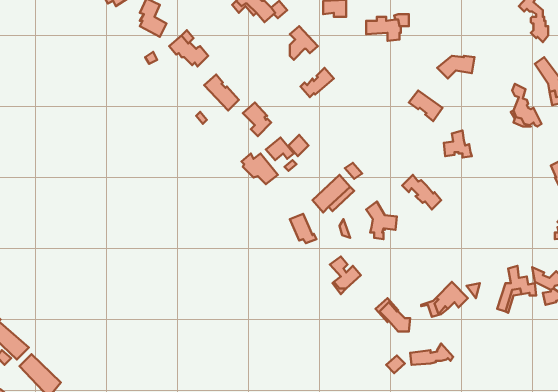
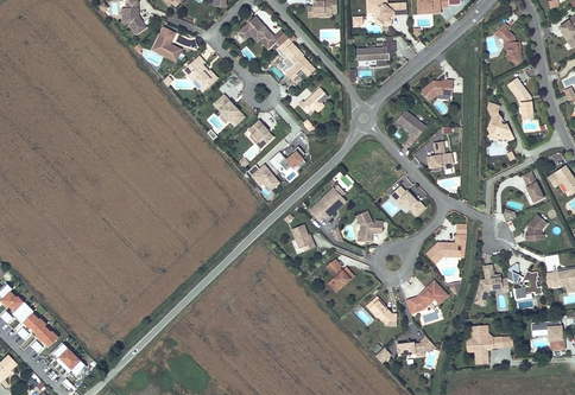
building: none -> [425,234,466,262]
building: none -> [469,325,501,362]

